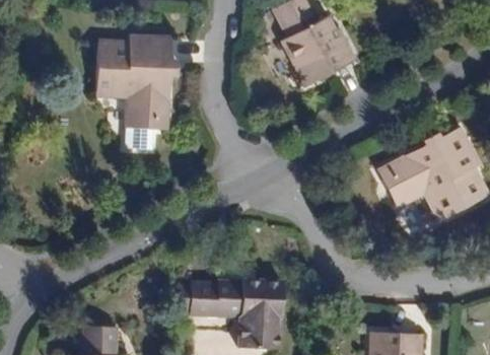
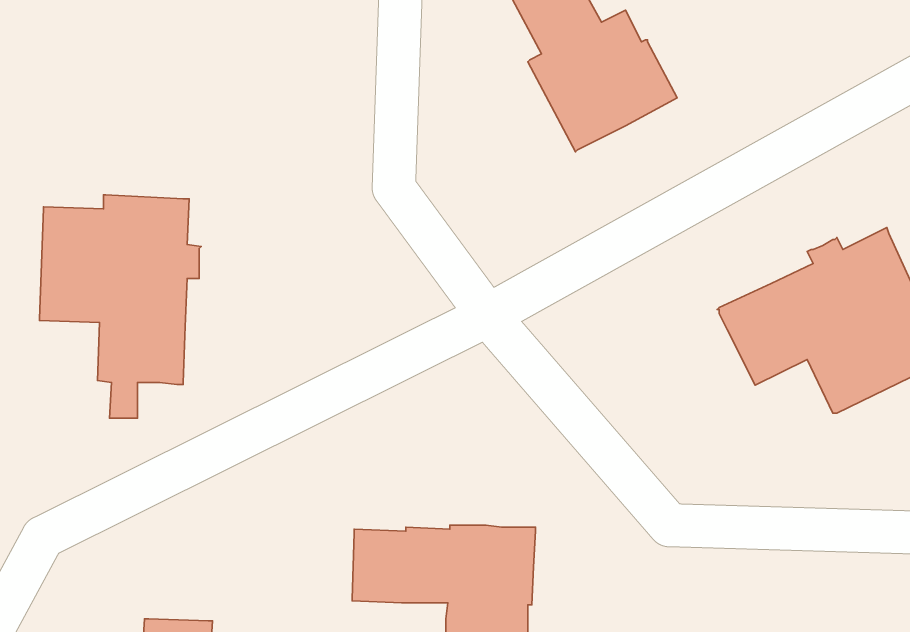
building: [96,33,179,147] -> [40,195,201,418]

